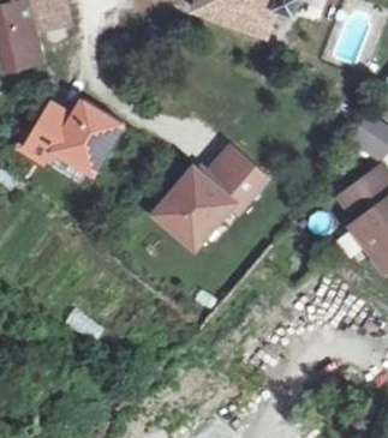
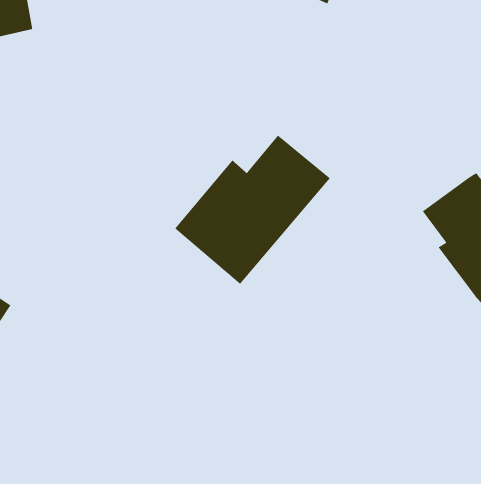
building: [25,100,120,166] -> none

